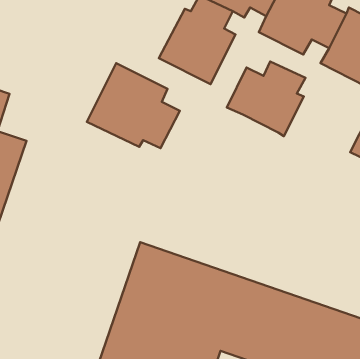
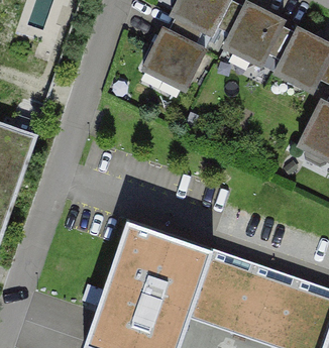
building: [227,61,306,136] -> none
building: [87,63,180,148] -> none

